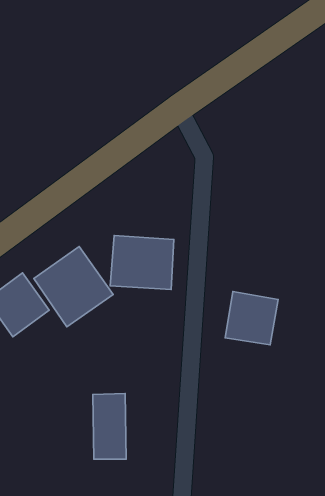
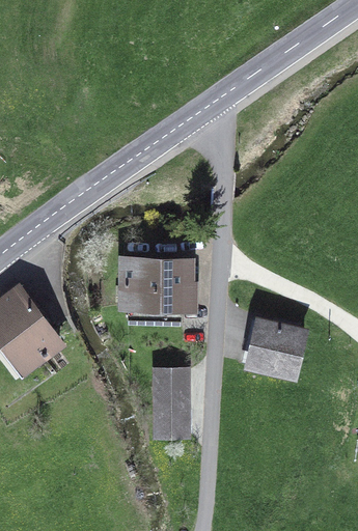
building: [34,246,113,327] -> none
building: [93,393,126,459] -> [150,378,186,447]

